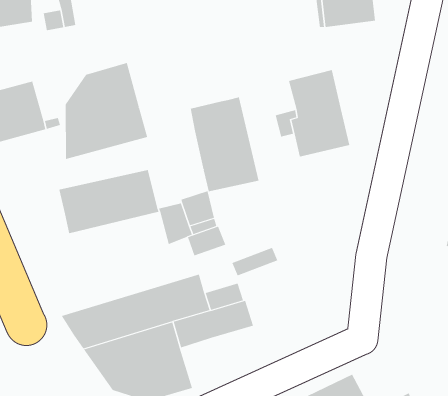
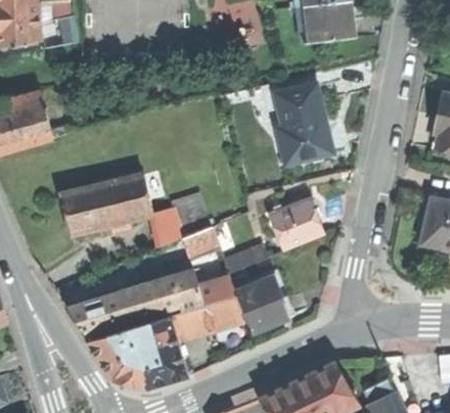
building: [65,62,148,160] -> none
building: [190,96,259,192] -> none
building: none -> [270,198,325,249]
building: none -> [235,276,286,332]

